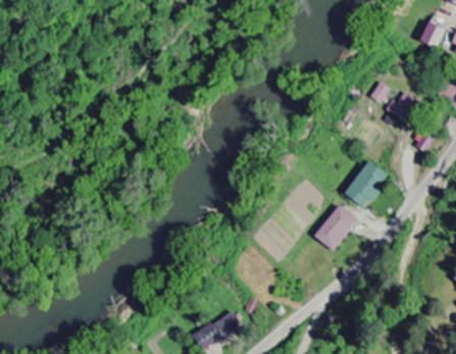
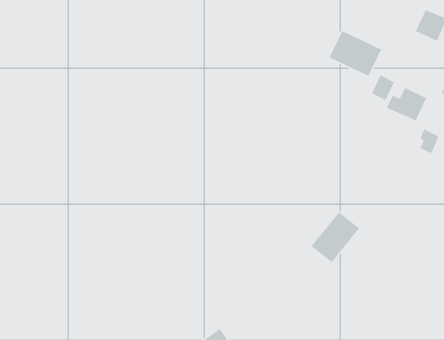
building: none -> [328,30,382,77]
building: [344,159,390,207] -> none

